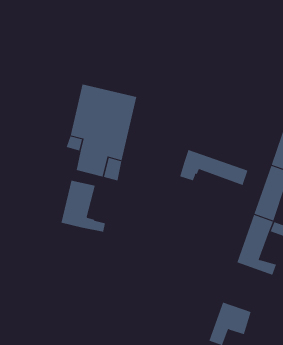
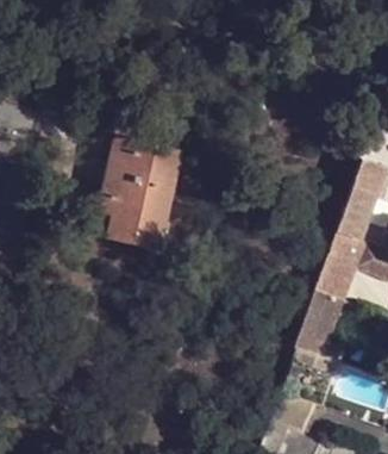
building: [180,149,248,186] -> none
building: [61,180,106,233] -> none

